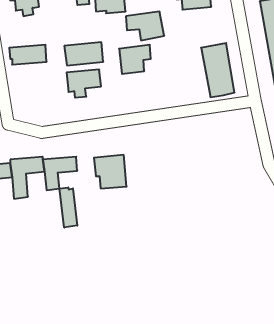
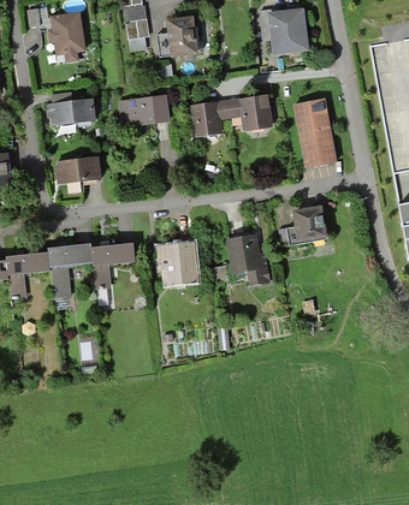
building: [126,12,164,40] -> [229,93,278,130]
building: [67,70,101,98] -> [57,156,101,192]
building: none -> [277,206,328,244]
building: none -> [227,233,271,283]
building: [60,187,77,228] -> none

